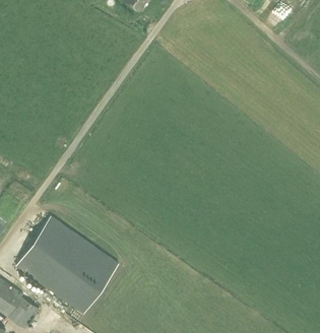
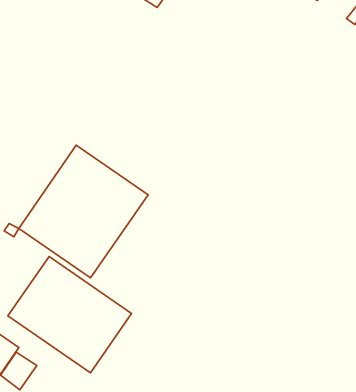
building: none -> [19,145,148,278]

